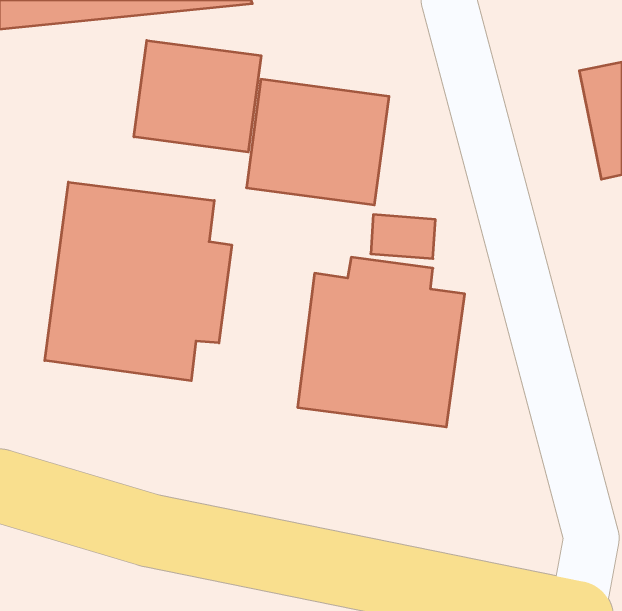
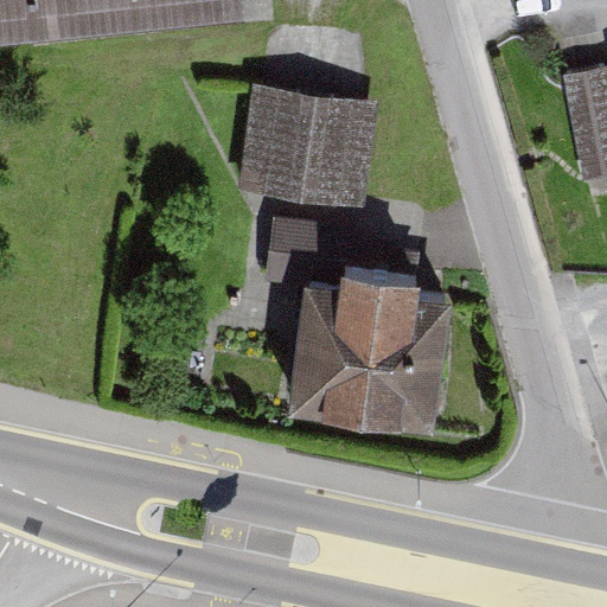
building: [134,40,261,152] -> none
building: [45,182,232,381] -> none

